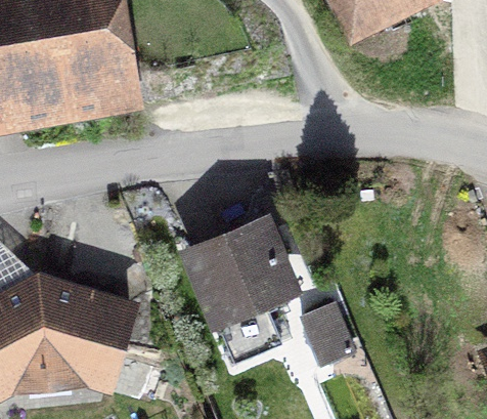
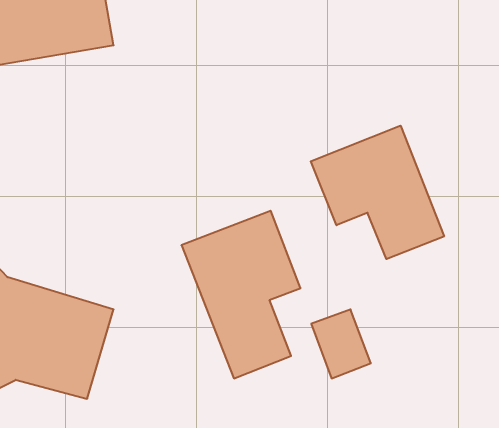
building: none -> [311,126,444,259]

